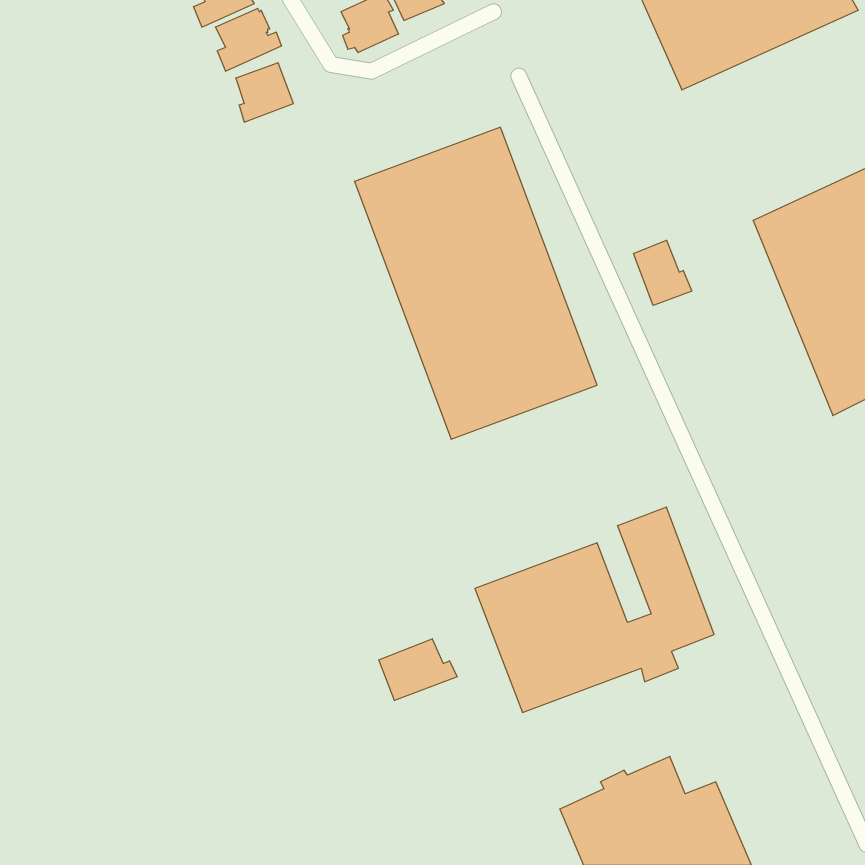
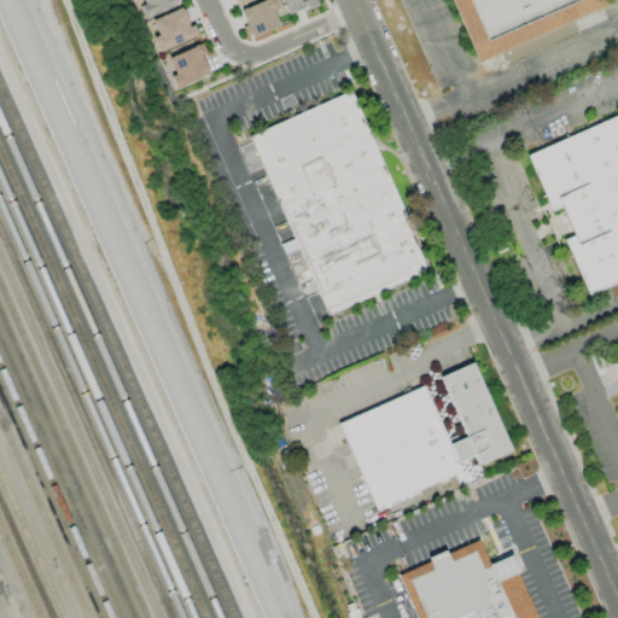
building: [634,240,692,305] -> none
building: [379,639,457,701] -> none

